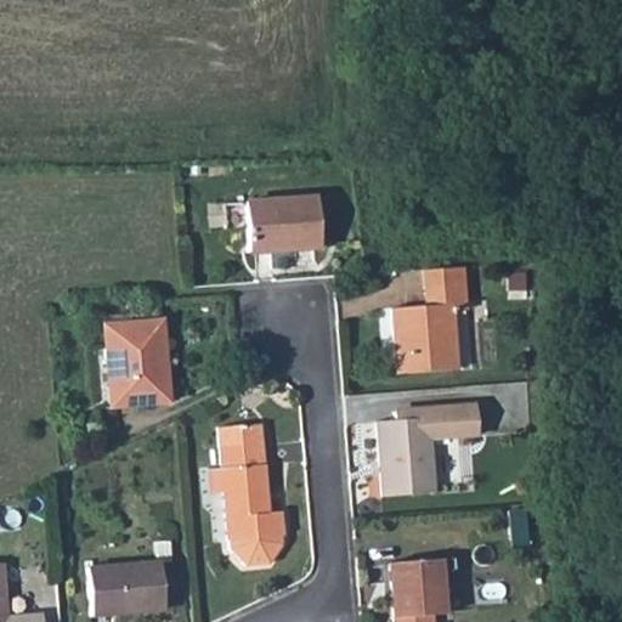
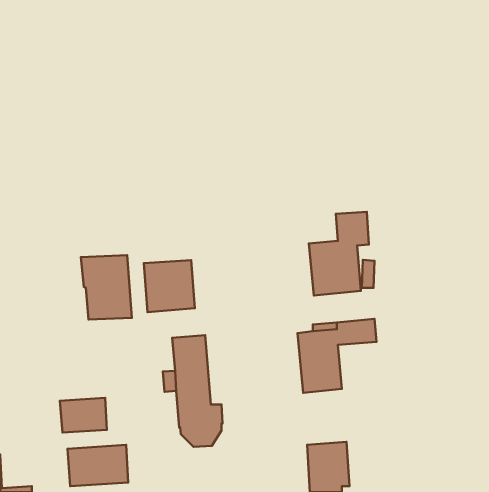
building: [248,196,322,250] -> none
building: none -> [144,260,195,312]
building: none -> [60,398,107,433]

